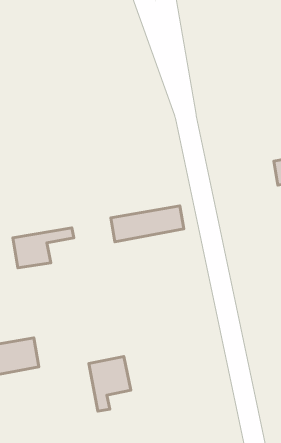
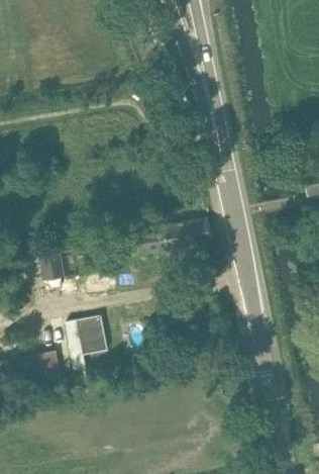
building: [89,356,131,411] -> [64,315,106,371]

